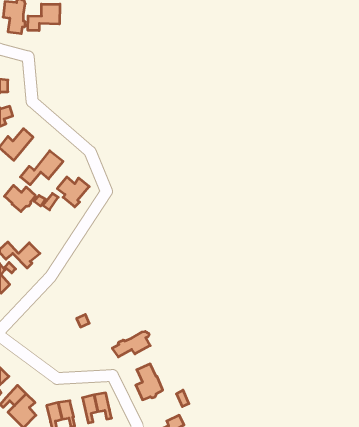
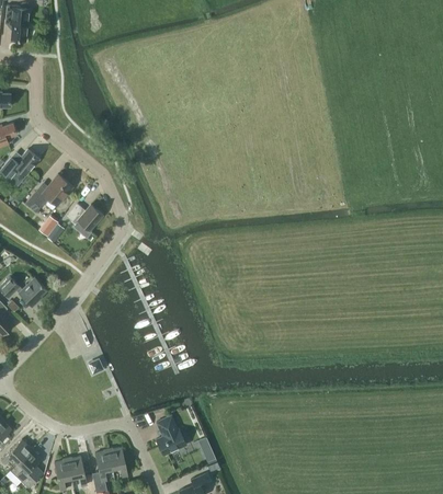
building: [28,4,60,31] -> none
building: [4,185,35,212] -> none
building: [112,331,150,357] -> none

